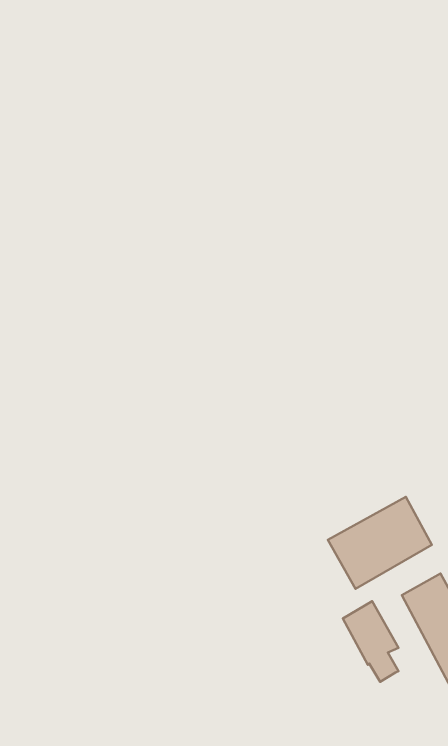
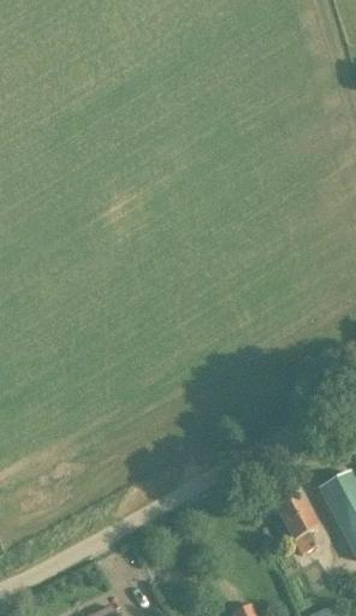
building: [328,497,432,589] -> none

